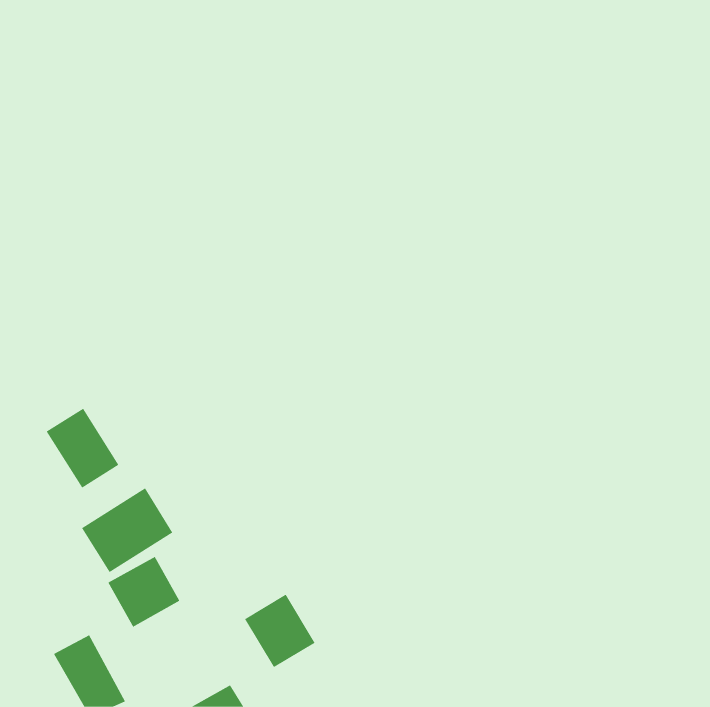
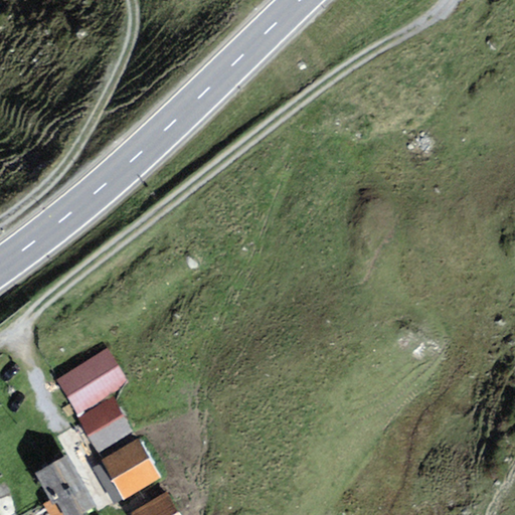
building: [46,408,119,488] -> none
building: [244,594,315,668] -> [105,443,156,496]

